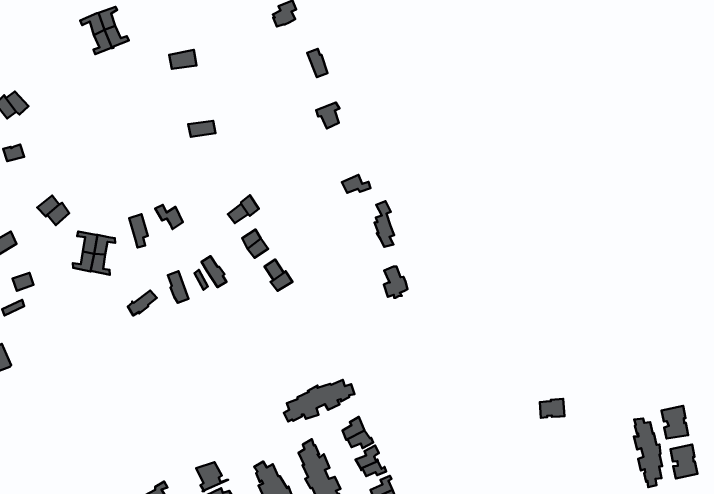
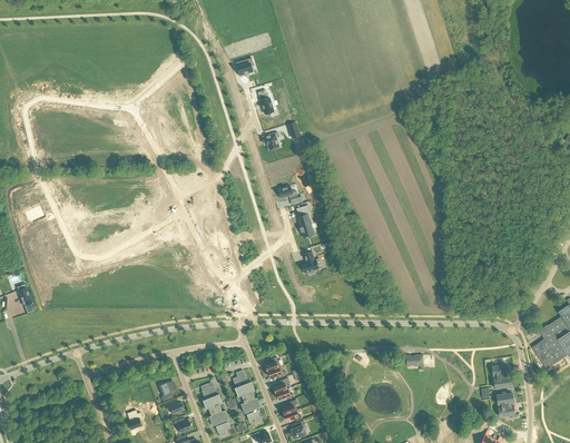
building: [284,380,354,422] -> none
building: [634,418,662,487] -> none

